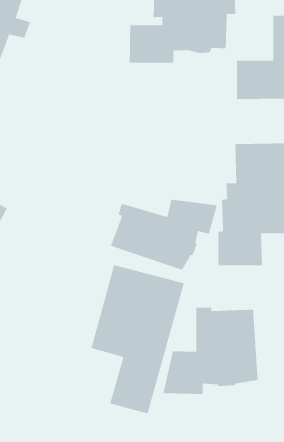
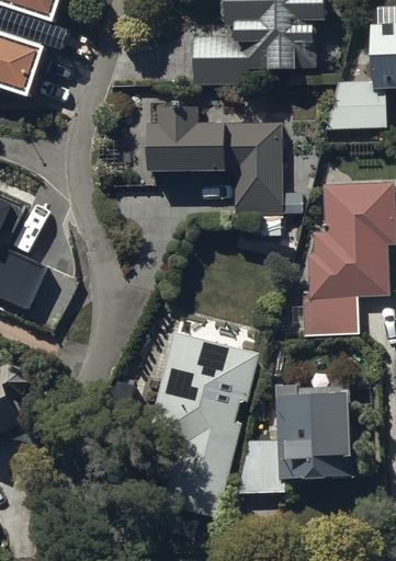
building: none -> [147,107,303,216]
building: [110,199,218,271] -> none

